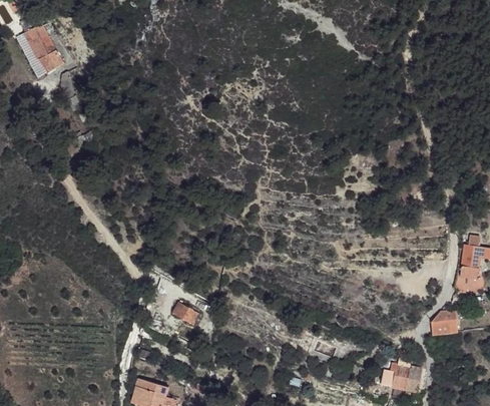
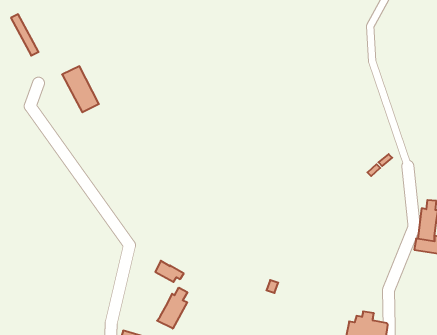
building: [23,24,63,74] -> [62,66,99,112]
building: [431,310,456,335] -> none
building: none -> [157,288,187,329]

